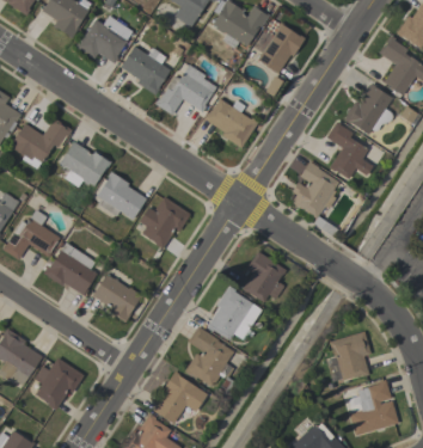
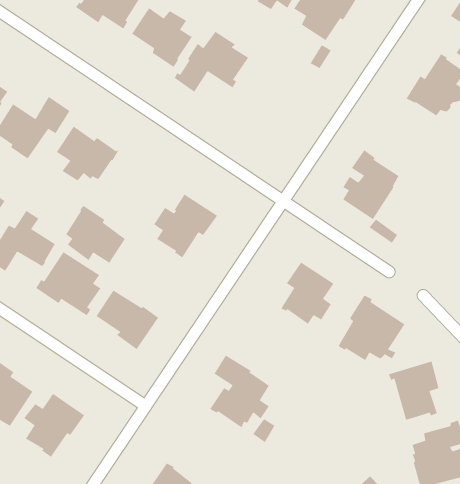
building: [203,98,258,147] -> none
building: [326,121,373,178] -> none
building: [97,171,146,219] -> [65,205,126,264]
building: [207,286,262,339] -> [337,295,405,361]
building: [152,370,207,423] -> none

